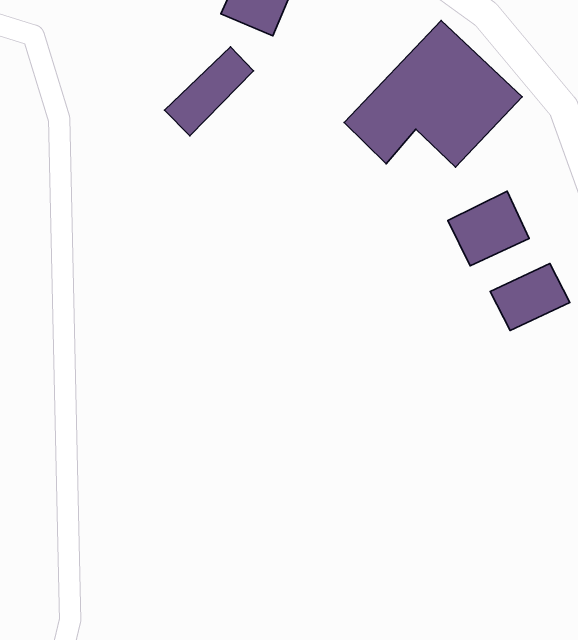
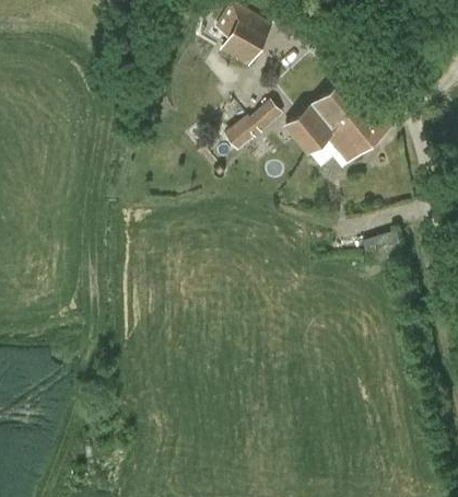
building: [165,47,254,136] -> [224,99,281,149]
building: [448,191,529,266] -> none

